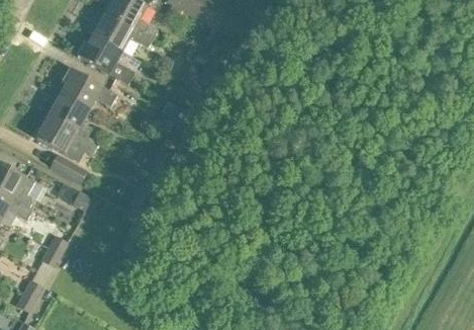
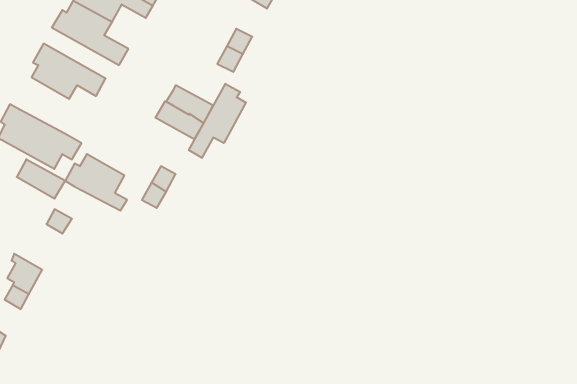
building: [45,92,92,135] -> [65,154,127,211]
building: none -> [189,84,246,158]

